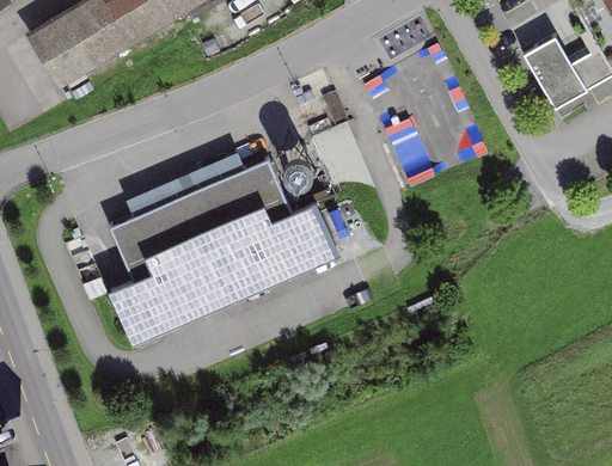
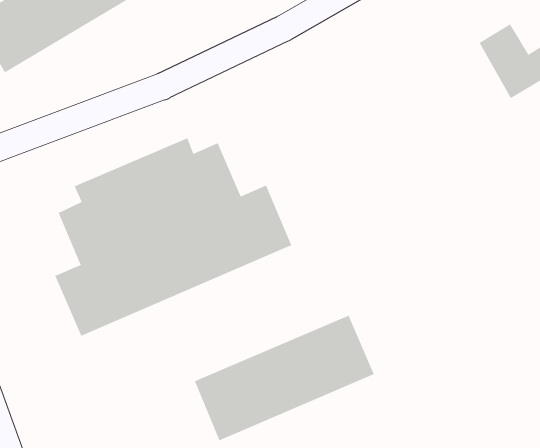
building: none -> [194,315,375,441]

